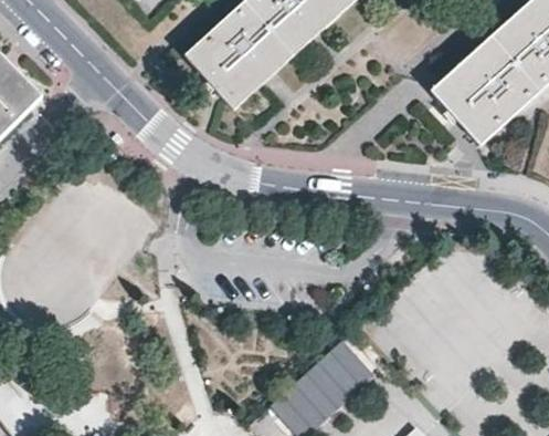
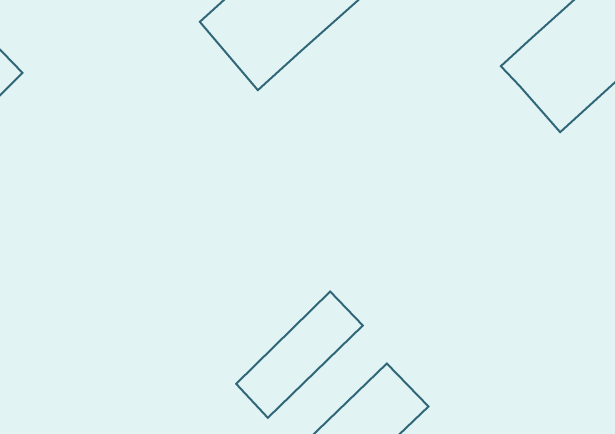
building: none -> [236,292,363,418]

